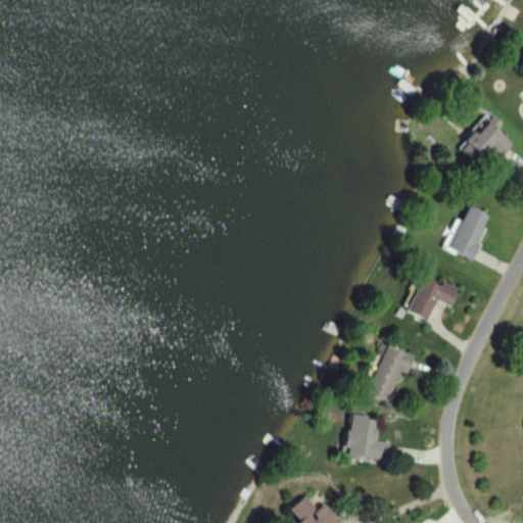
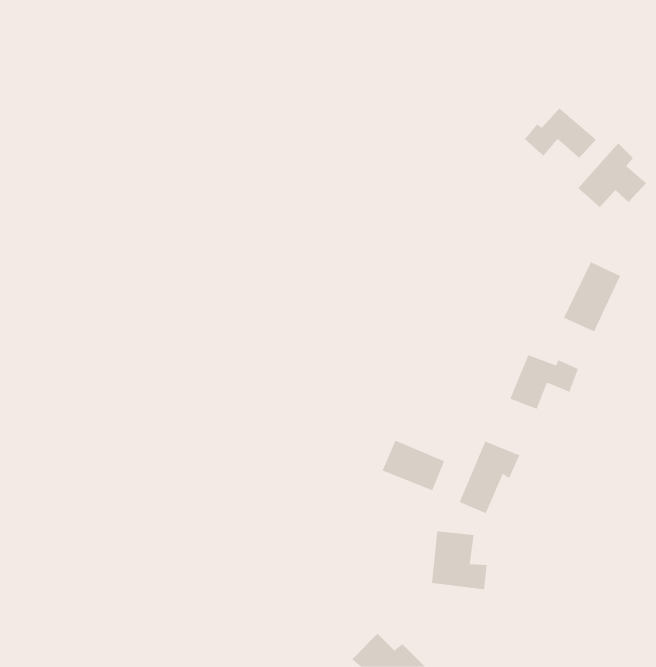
building: none -> [524,107,597,159]
building: none -> [382,440,445,491]

